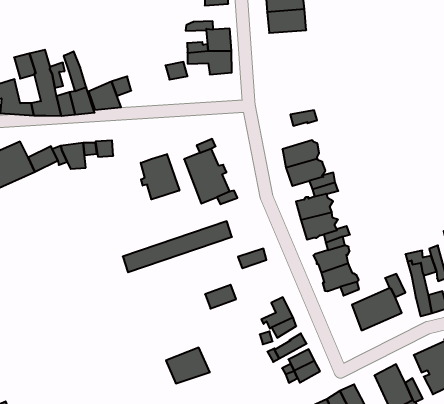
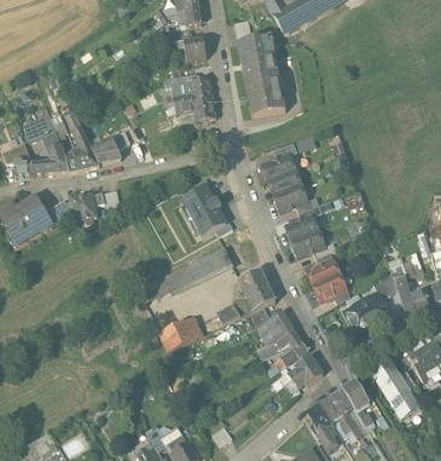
building: none -> [245,73,285,115]
building: none -> [261,154,295,180]
building: [141,154,179,199] -> none
building: none -> [244,280,275,310]
building: [166,348,210,383] -> [157,319,197,353]

